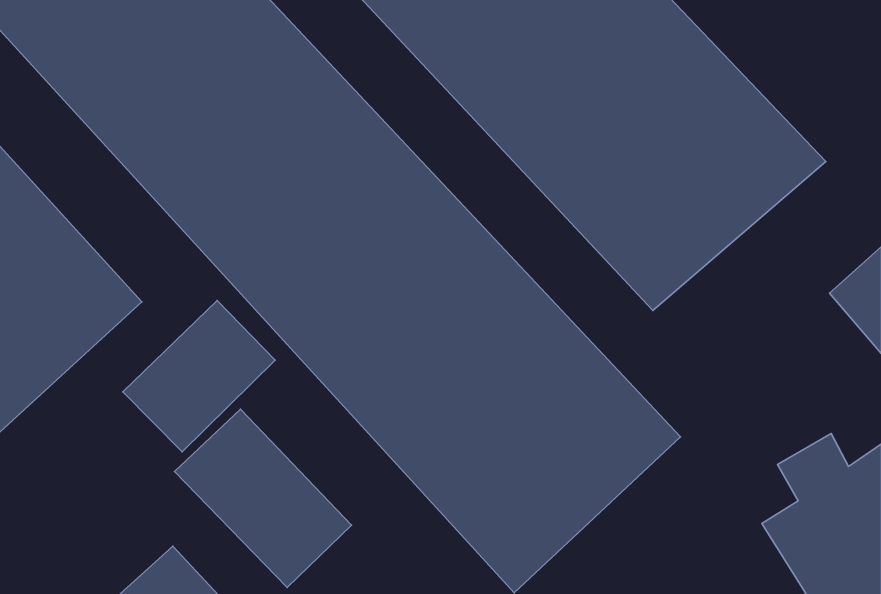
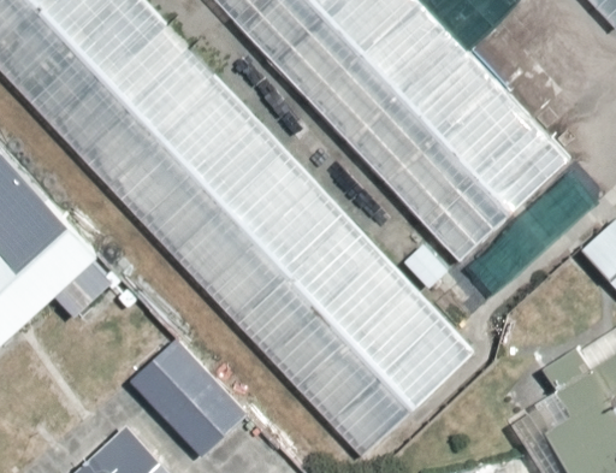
building: [123,301,275,452] -> none

